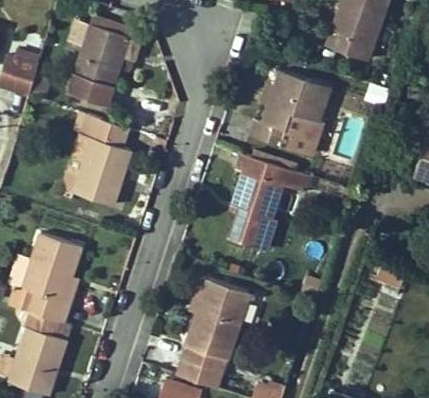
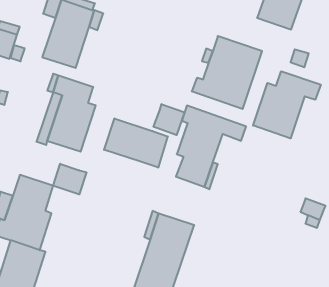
building: none -> [253,71,321,138]
building: none -> [154,104,185,135]
building: none -> [104,118,168,168]
building: none -> [53,164,86,194]

